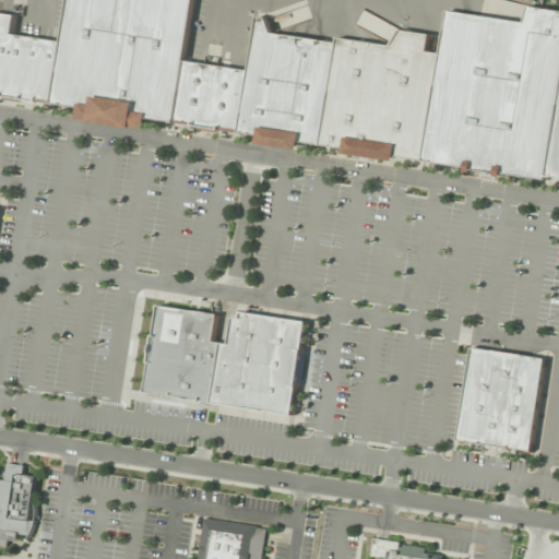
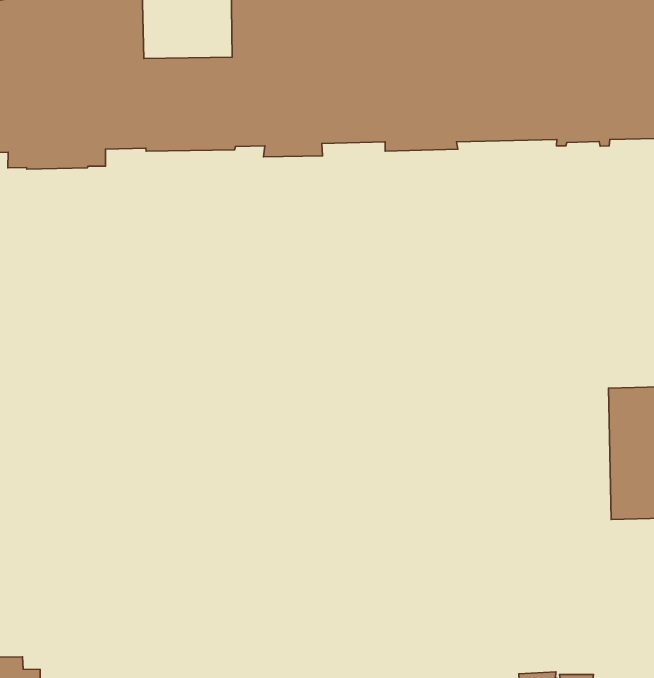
building: [145,305,307,415] -> none

